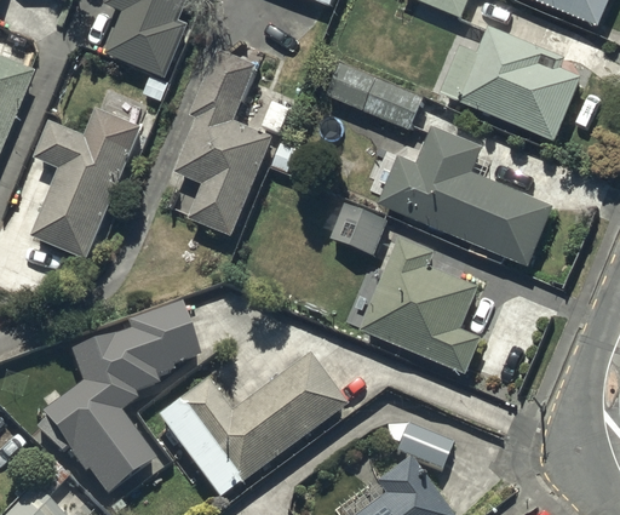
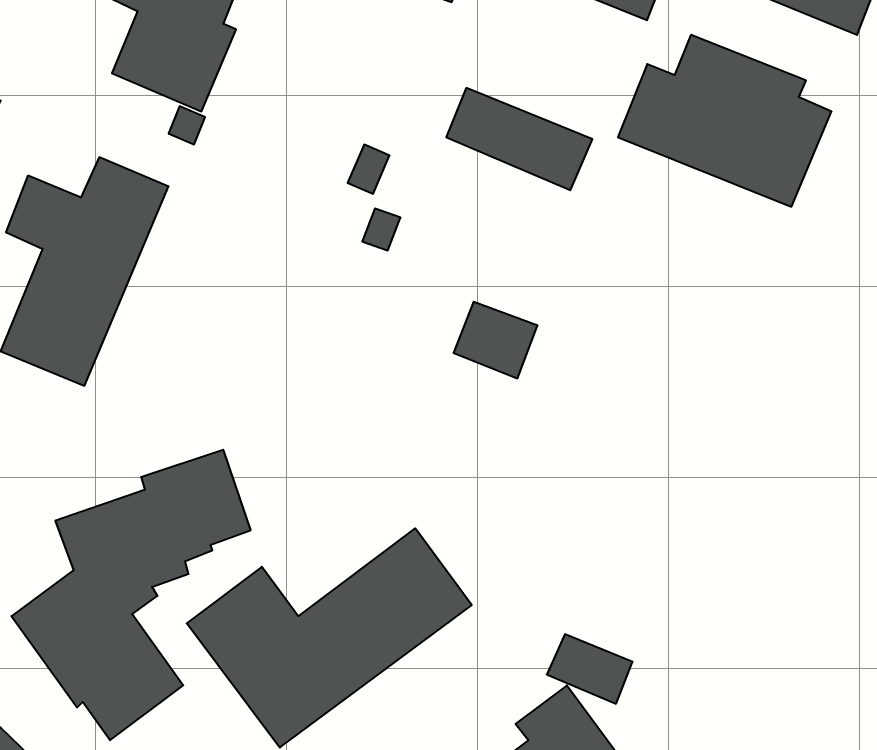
building: [174,48,272,236] -> none
building: [379,126,553,267] -> none
building: [360,236,482,376] -> none

